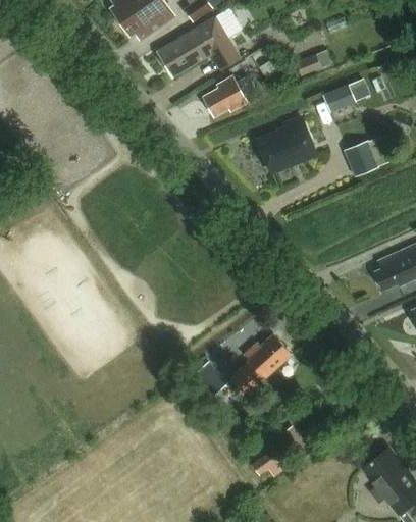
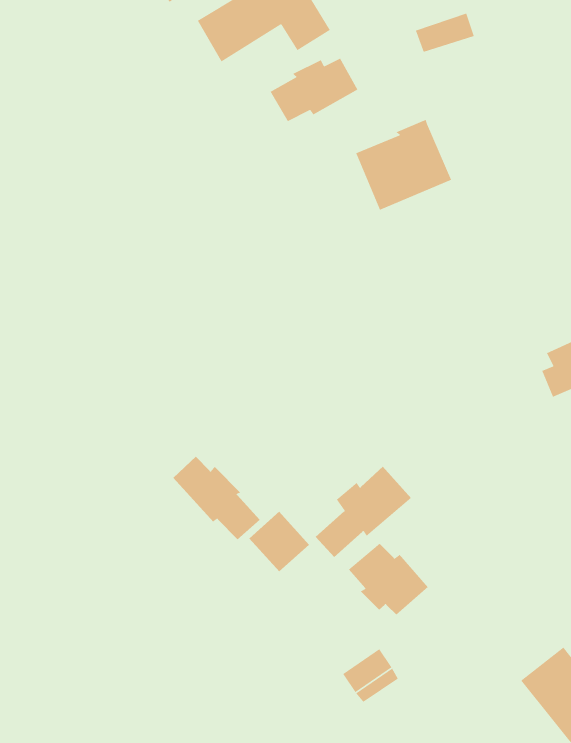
building: [322,85,356,114] -> none
building: [343,142,378,178] -> none
building: none -> [173,456,261,540]
building: none -> [348,543,429,616]

